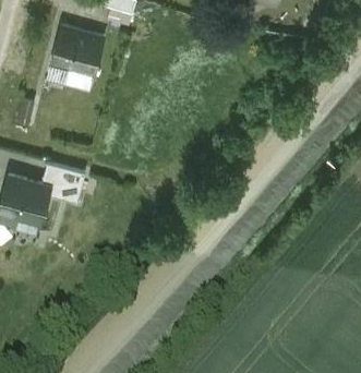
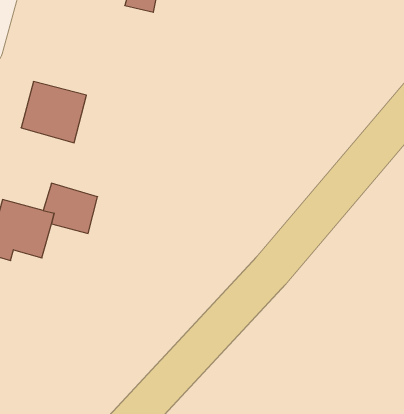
building: [51,27,104,76] -> [21,82,86,143]

